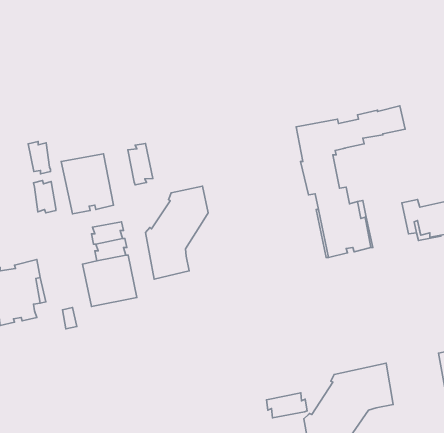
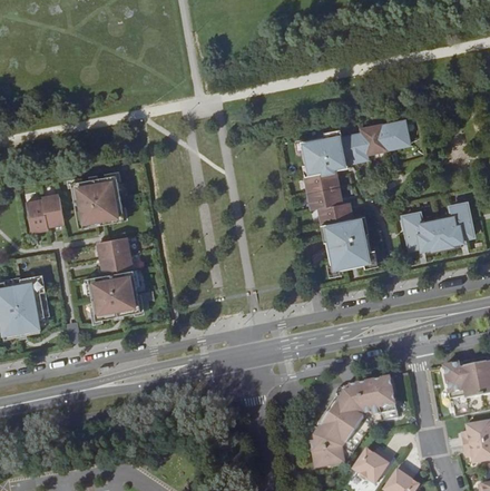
building: [28,142,51,174] -> [21,199,43,232]
building: [128,144,153,185] -> none
building: [146,186,208,279] -> none
building: [266,393,307,418] -> none

